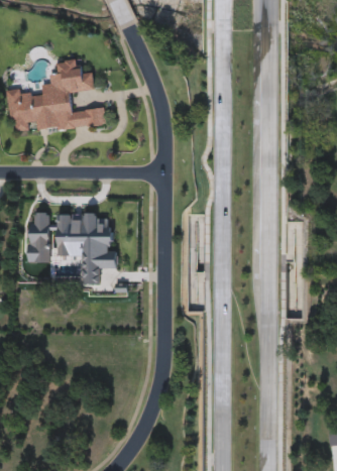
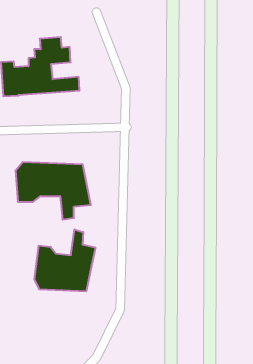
building: none -> [34,229,95,291]

